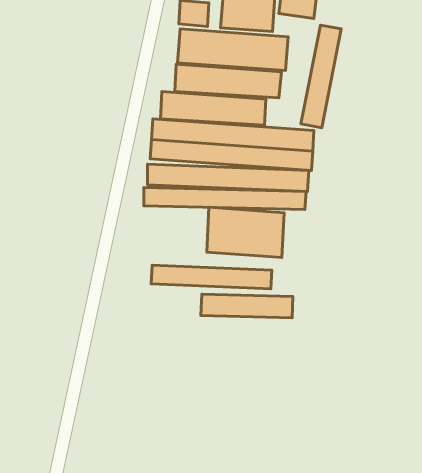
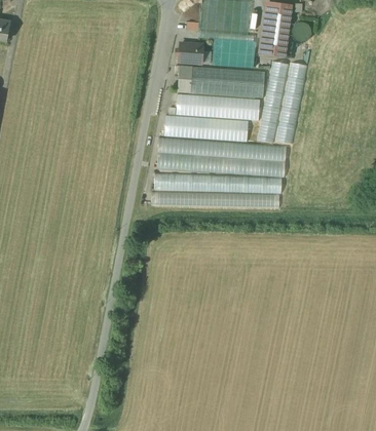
building: none -> [257,62,288,143]
building: [207,207,284,258] -> none
building: [151,265,272,289] -> none
building: [201,294,293,318] -> none

